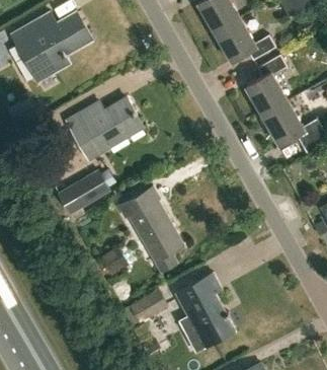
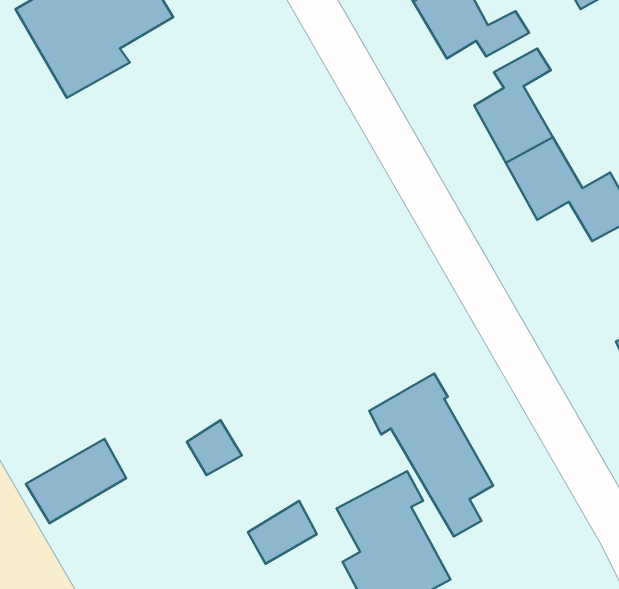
building: [67,98,143,158] -> none
building: [56,174,107,218] -> [26,439,126,523]
building: [118,187,182,271] -> [369,373,493,537]

